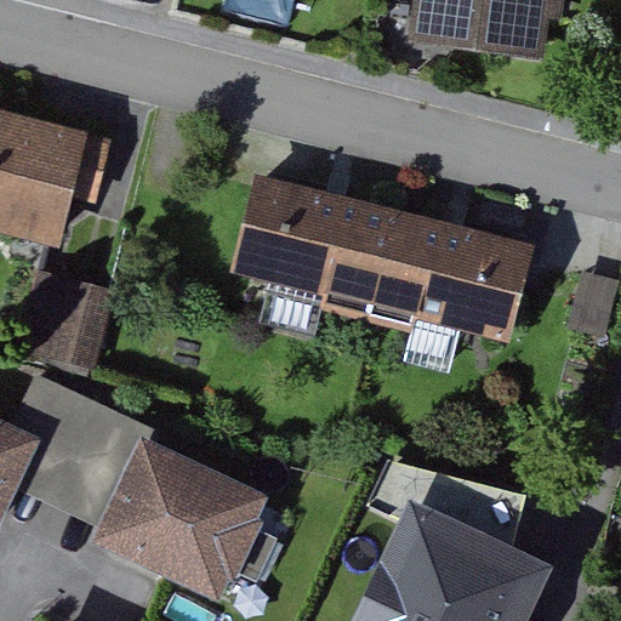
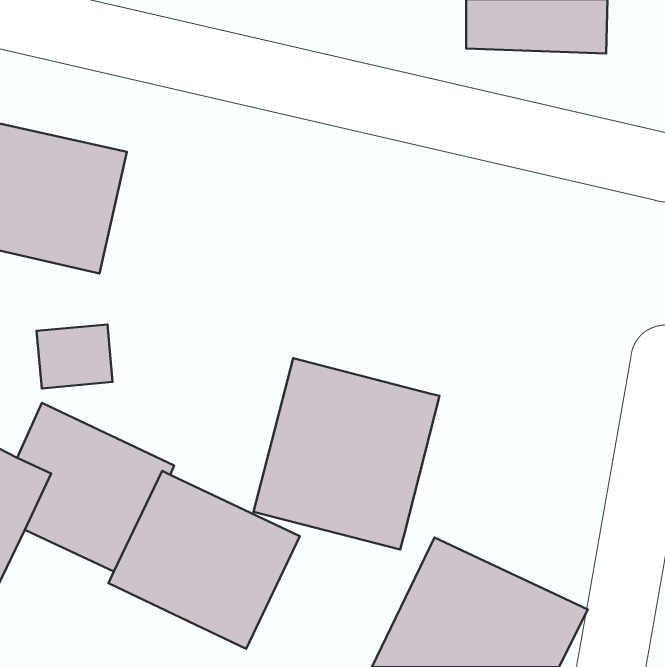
building: [223,176,528,344] -> none
building: none -> [254,358,439,549]

